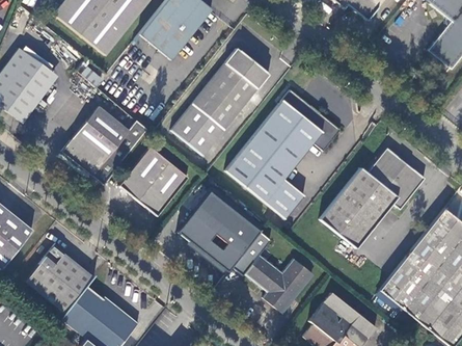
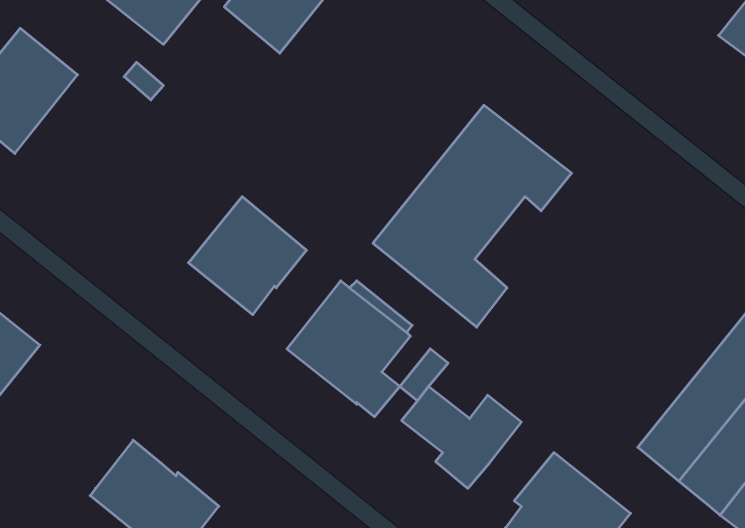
building: [172,48,271,155] -> none
building: [62,105,147,183] -> none
building: [320,148,424,247] -> none
building: [26,243,94,313] -> none

